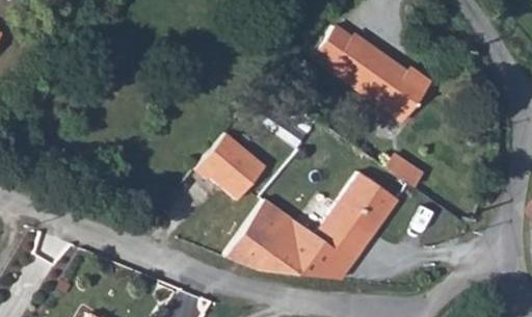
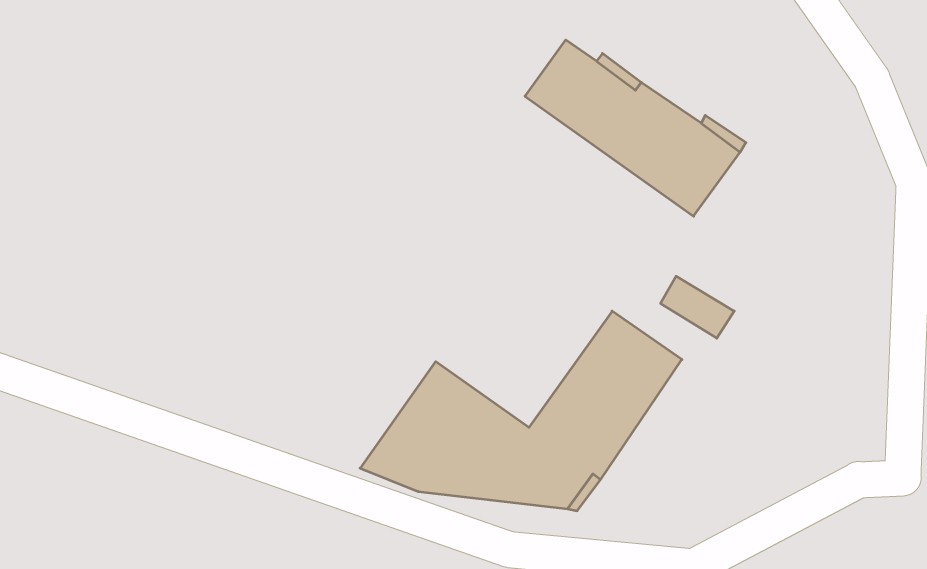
building: [196,132,266,200] -> none

